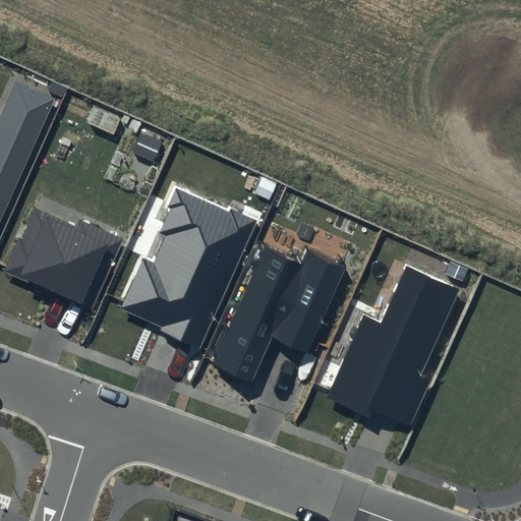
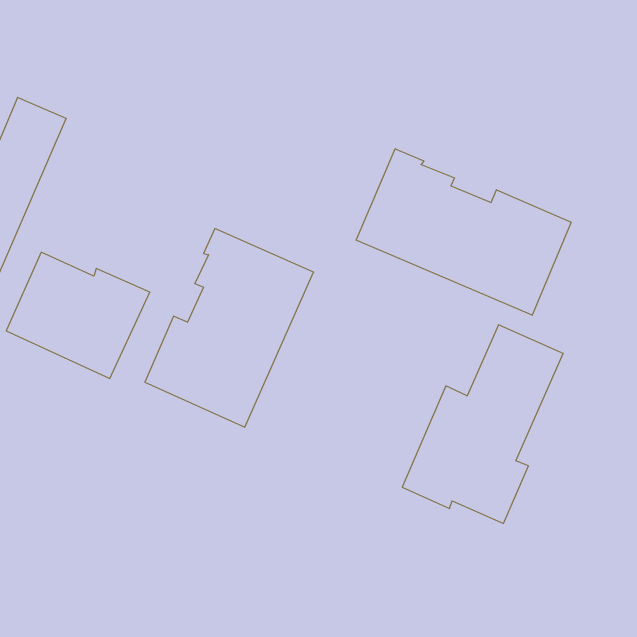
building: none -> [356,149,571,315]
building: [213,243,345,379] -> none

